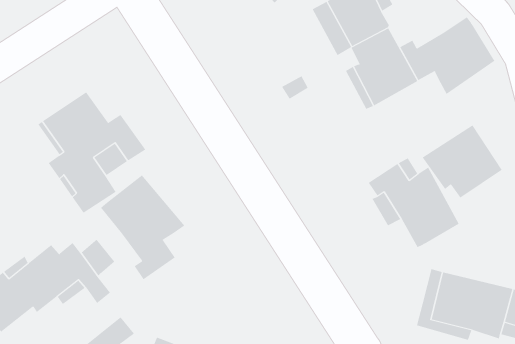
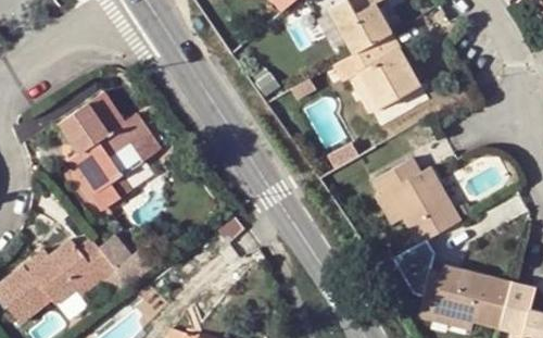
building: [399,16,495,95] -> none
building: [422,125,502,198] -> none
building: [100,174,185,280] -> none
building: none -> [393,239,433,296]

